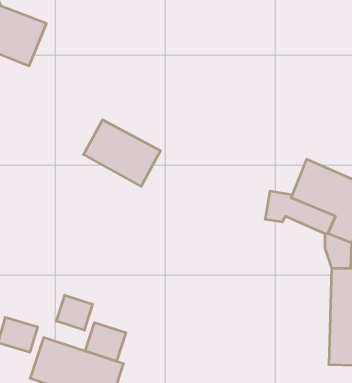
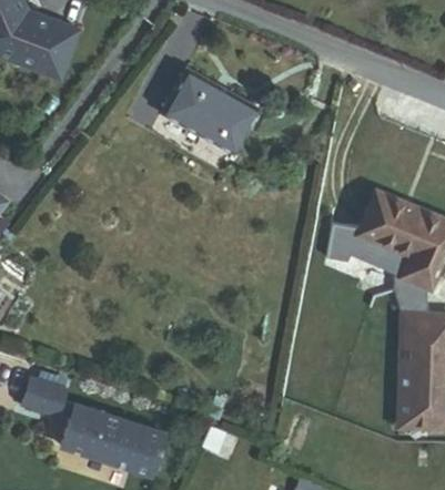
building: [83,120,160,186] -> [166,73,255,150]
building: [56,295,92,330] -> none
building: [85,323,126,361] -> none

